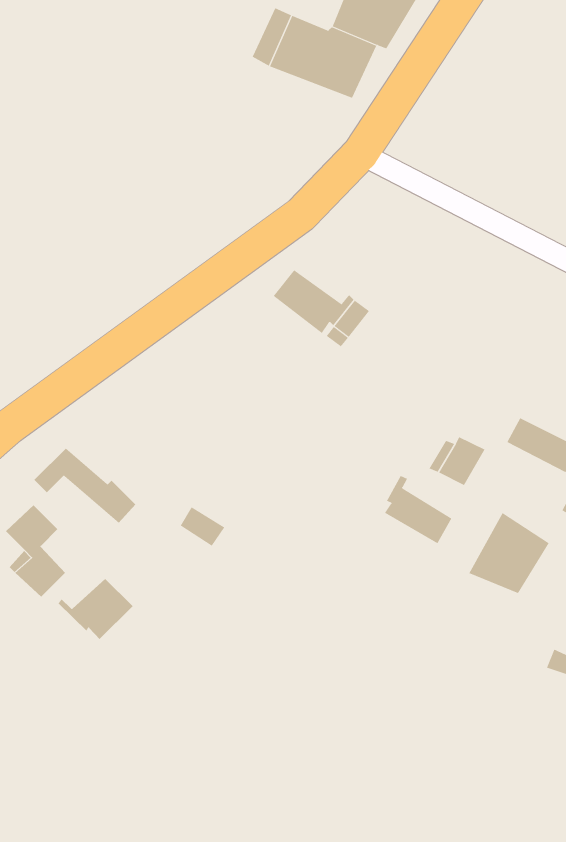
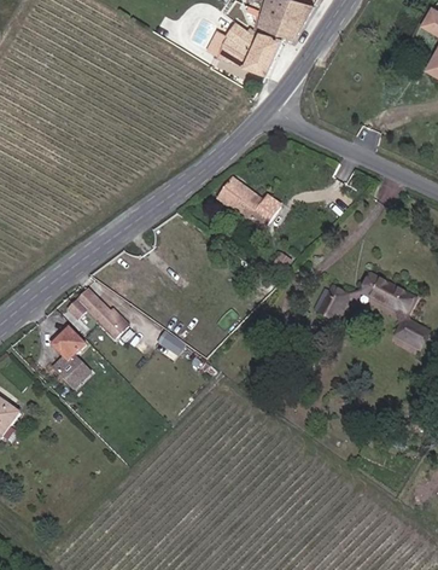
building: [384,475,452,544] -> none
building: [469,512,549,594] -> none
building: [58,578,134,640] -> none

